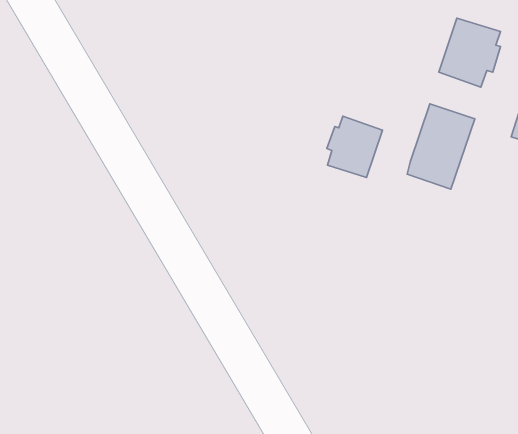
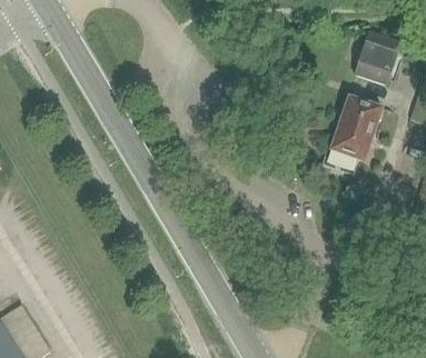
building: [327,116,382,177] -> none

